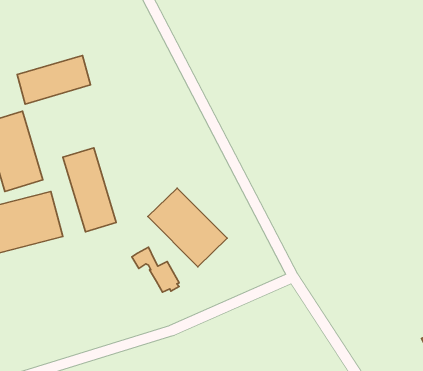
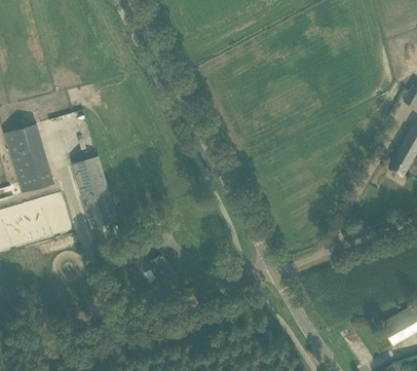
building: [17,55,91,104] -> none
building: [148,188,227,267] -> none

